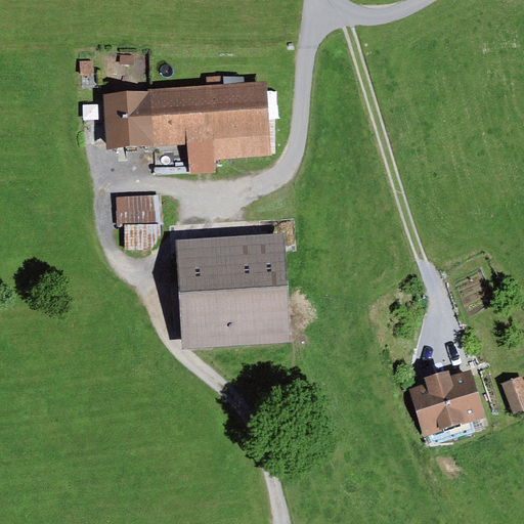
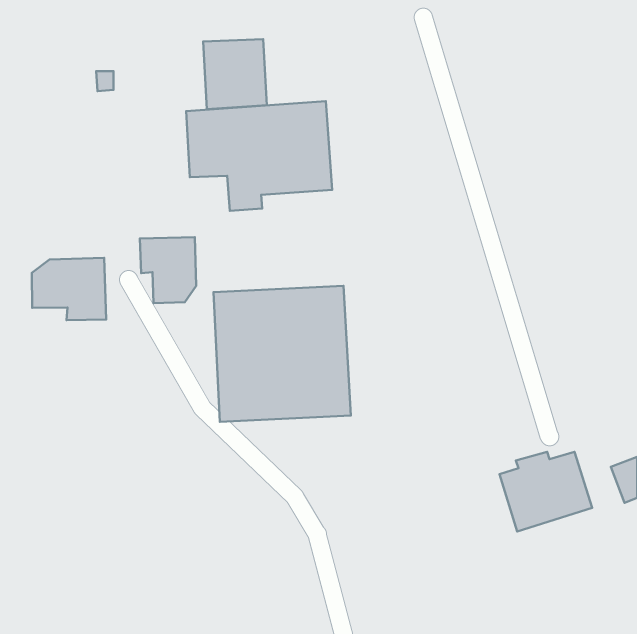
building: [103,91,156,148] -> [203,39,267,109]
building: none -> [32,258,106,320]

